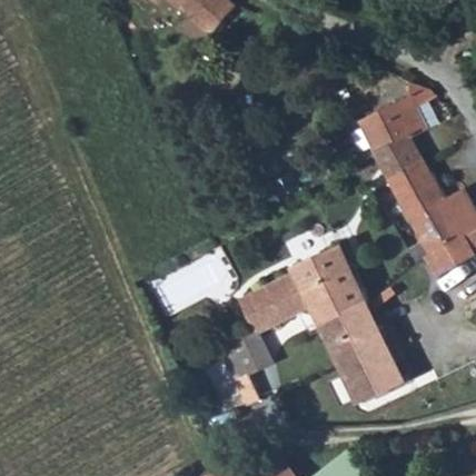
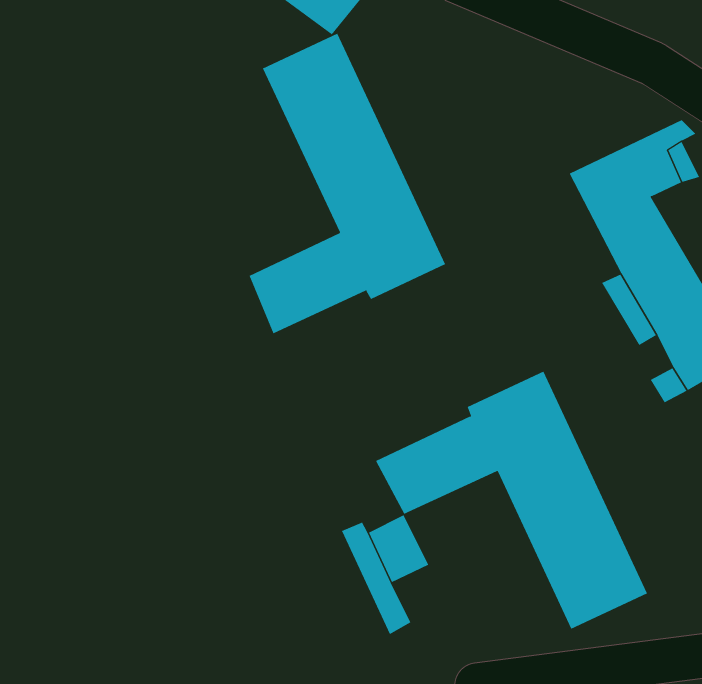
building: none -> [249,33,446,334]

